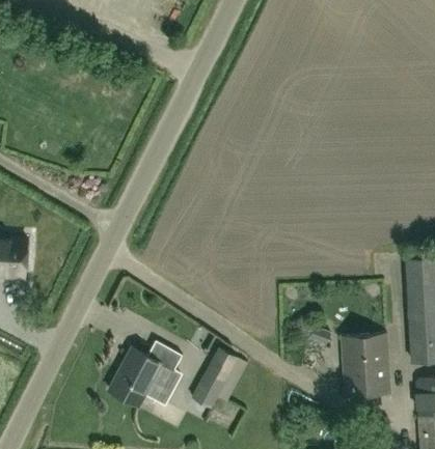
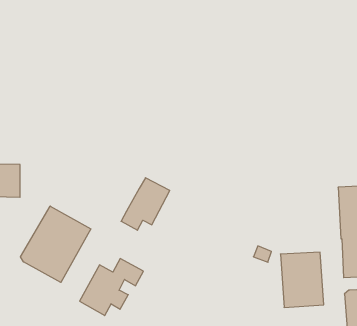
building: none -> [20,206,91,282]
building: [191,348,247,409] -> [121,178,170,230]

